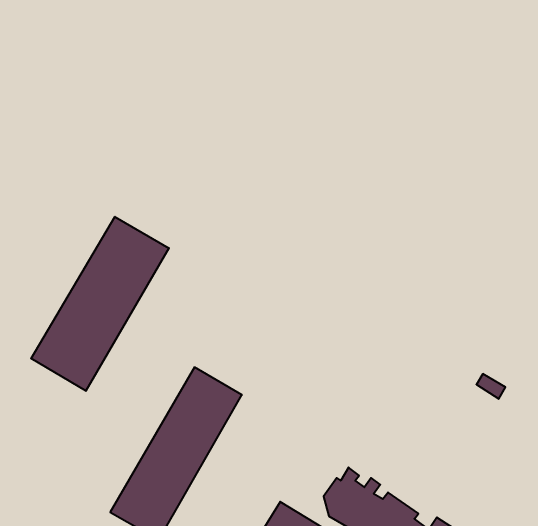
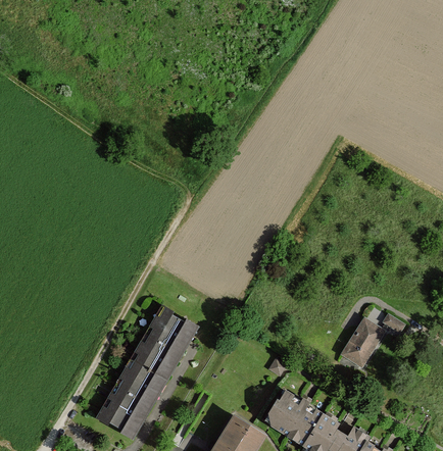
building: [31,217,169,391] -> none
building: none -> [341,319,384,367]

